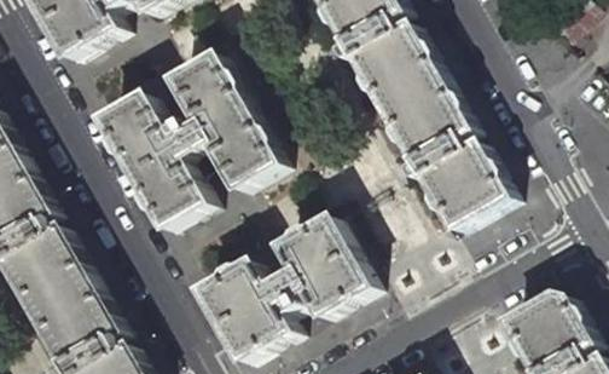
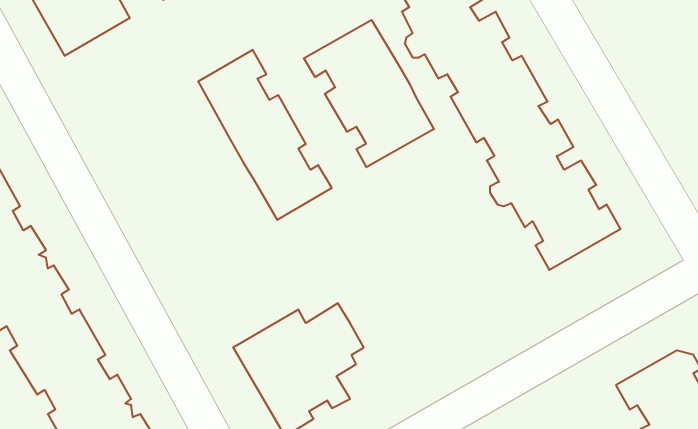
building: none -> [304,20,434,167]
building: [102,93,216,229] -> none
building: [278,215,370,316] -> none

